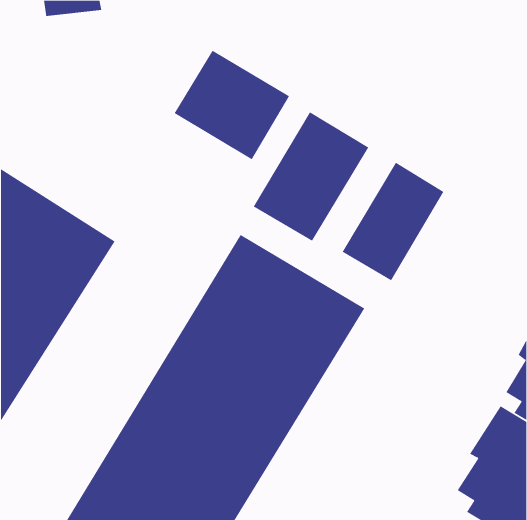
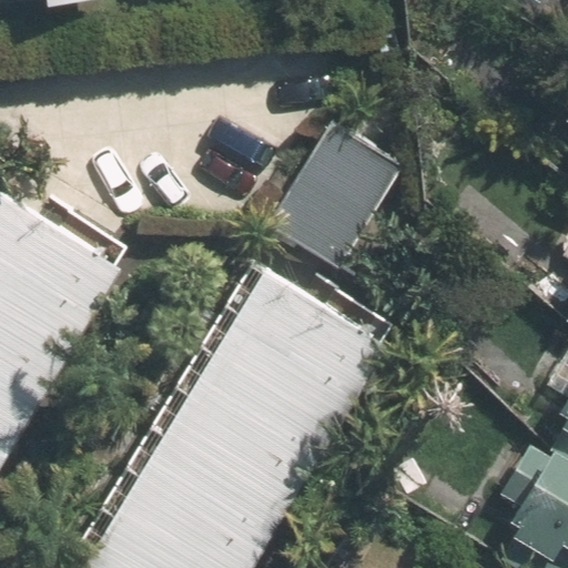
building: [174,50,290,160] -> none
building: [342,162,444,281] -> none

